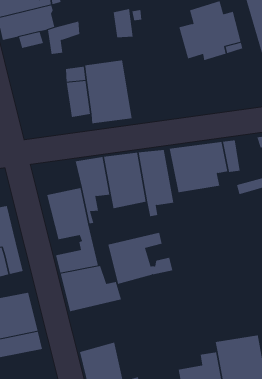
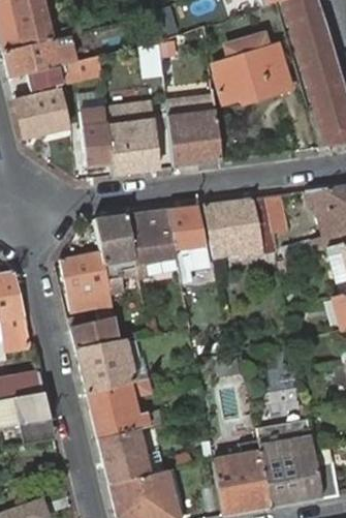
building: none -> [11,85,66,136]
building: none -> [165,94,219,166]
building: [108,232,173,285] -> [87,379,163,440]

